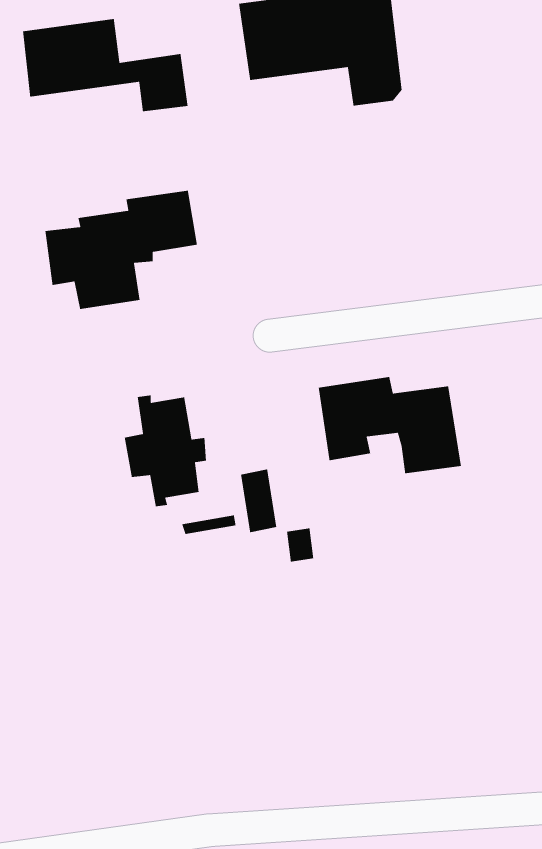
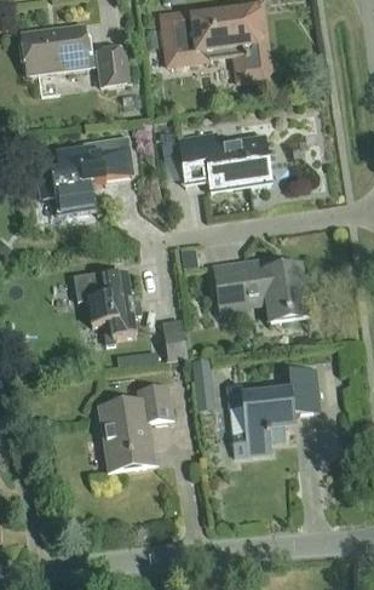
building: none -> [177,131,270,190]
building: none -> [228,367,320,454]
building: none -> [97,388,173,471]

